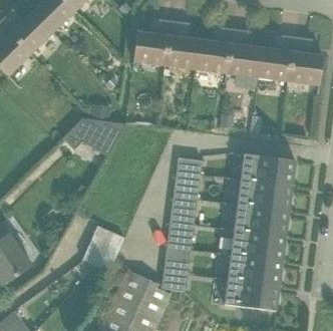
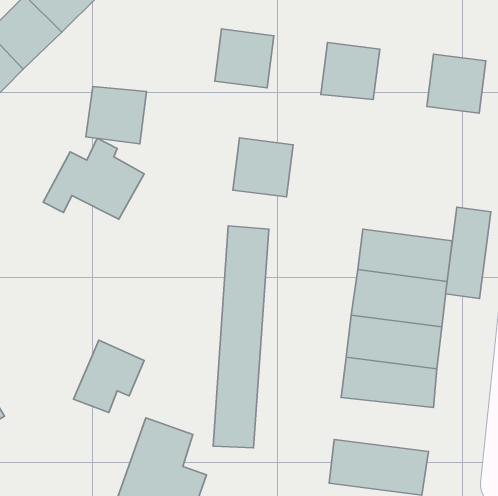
building: [126,32,162,66] -> [86,86,147,144]
building: [190,39,226,74] -> [233,138,293,197]
building: [253,47,289,81] -> none
building: none -> [446,207,491,299]
building: [230,255,289,287] -> none

